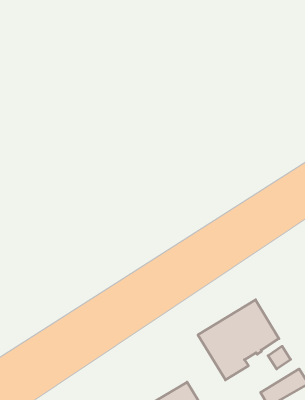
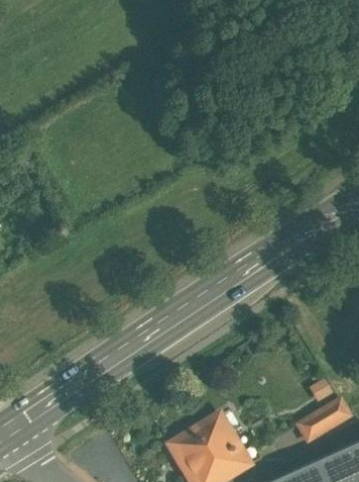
building: [198,300,279,380] -> none

